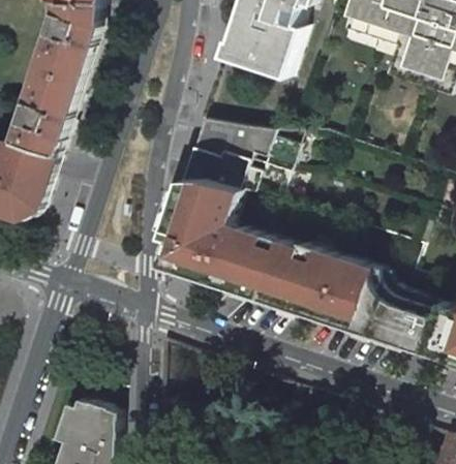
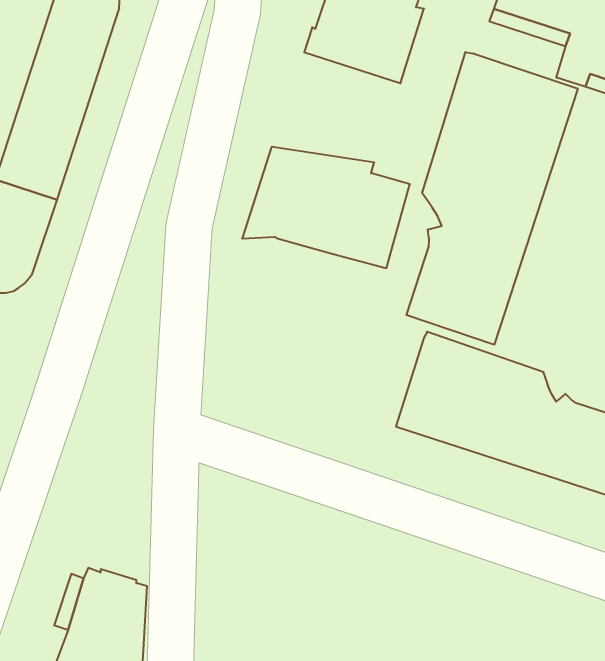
building: none -> [406,52,578,345]
building: [156,178,297,304] -> none

